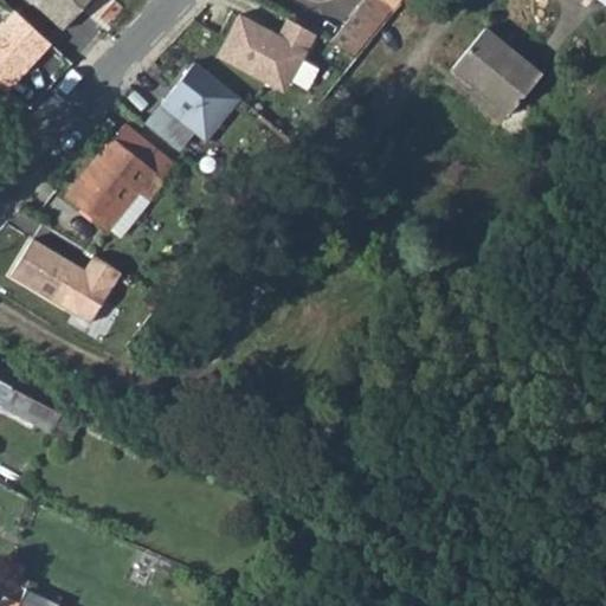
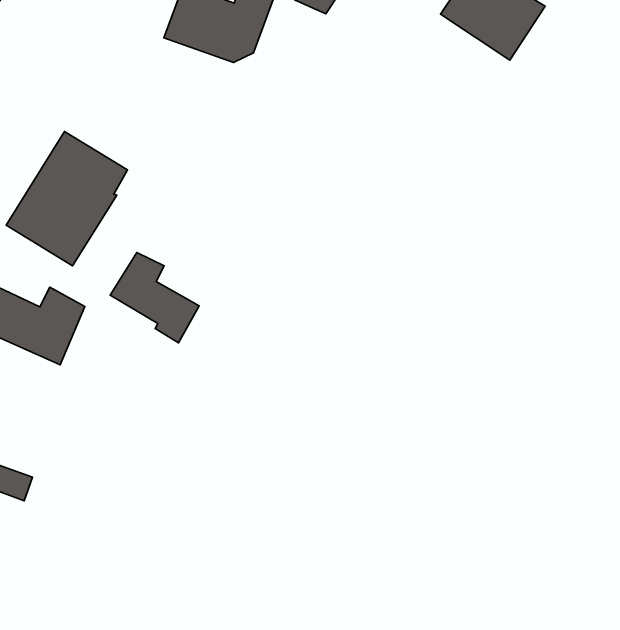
building: [146,64,239,148] -> none
building: none -> [110,253,199,343]

